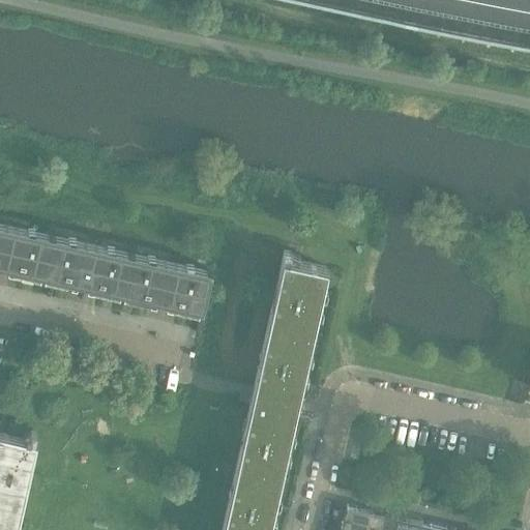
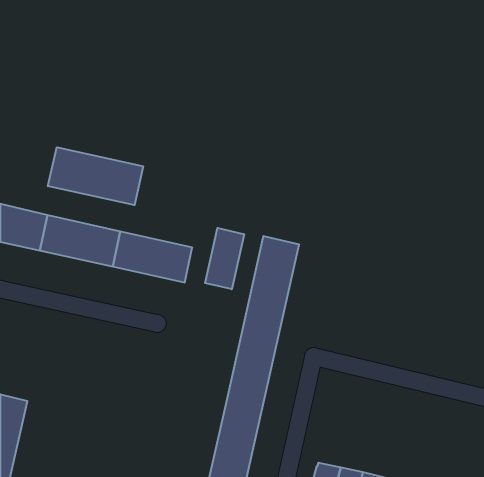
building: none -> [48,147,143,205]
building: none -> [205,228,244,289]

